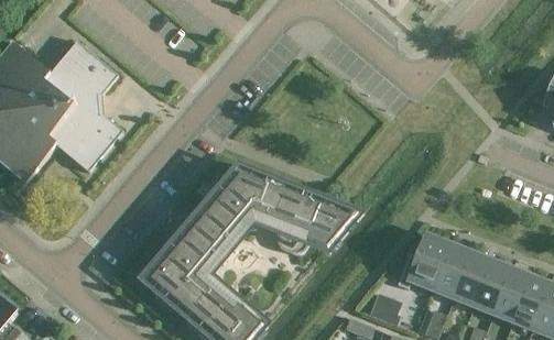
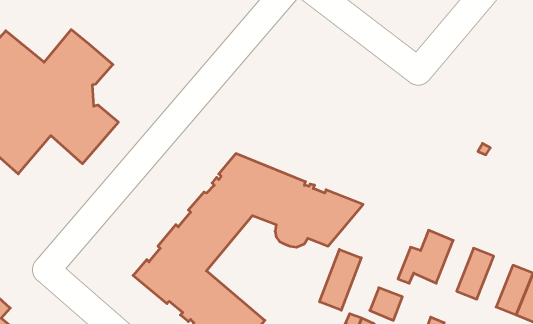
building: [434,245,470,295] -> none
building: none -> [320,249,361,310]
building: [474,261,509,310] -> none

